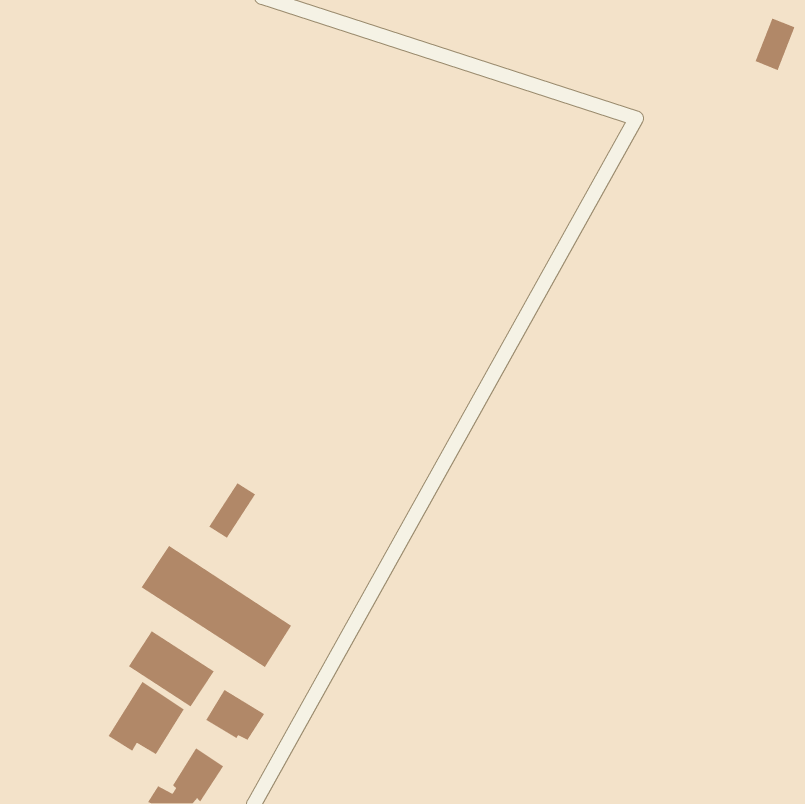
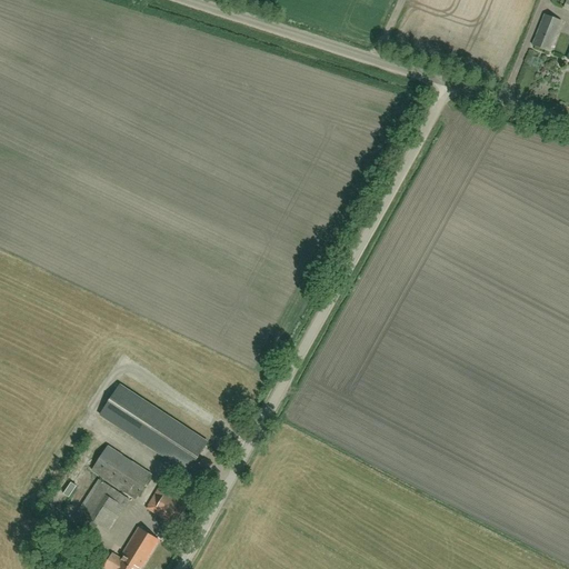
building: [208,482,256,539] -> none

